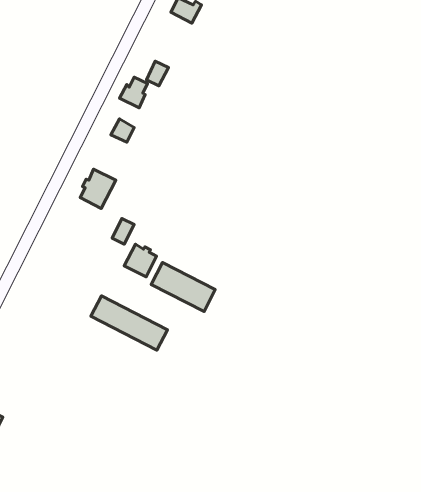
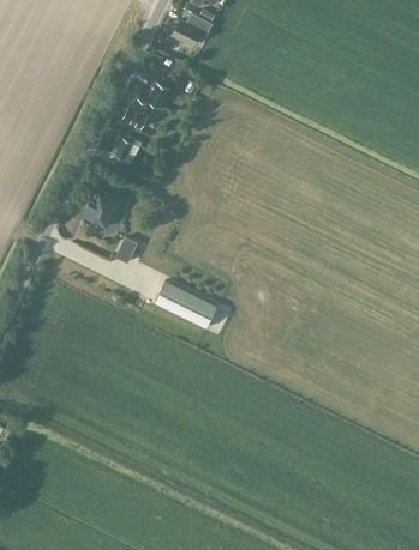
building: [124,244,157,277] -> none
building: [91,296,167,350] -> none

